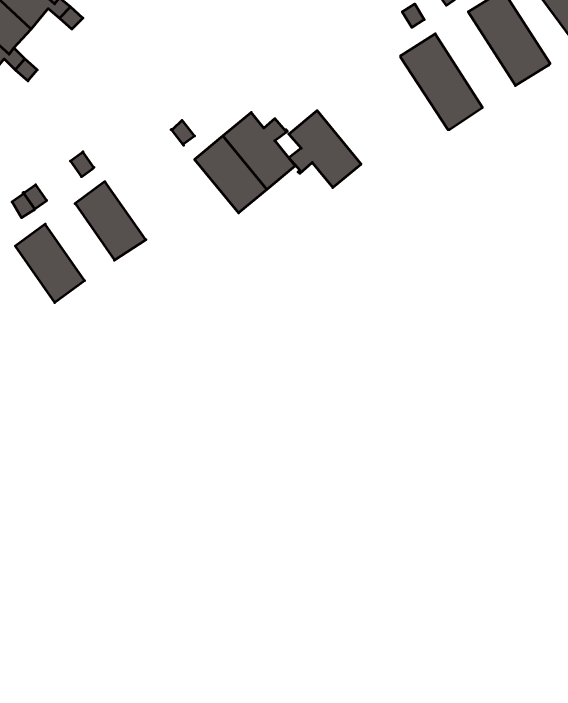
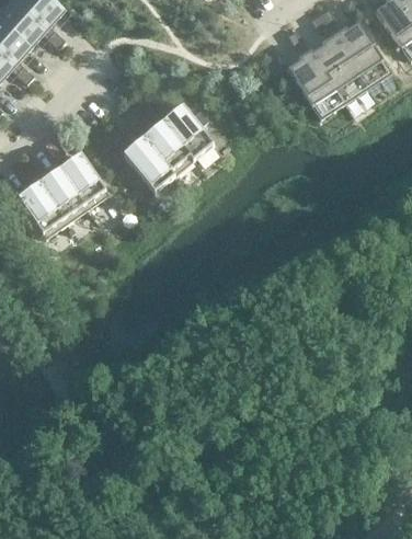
building: none -> [311,33,367,100]
building: [289,111,361,188] -> [124,136,174,190]
building: none -> [39,167,88,220]

